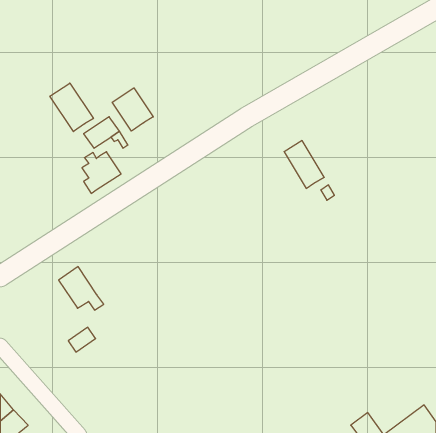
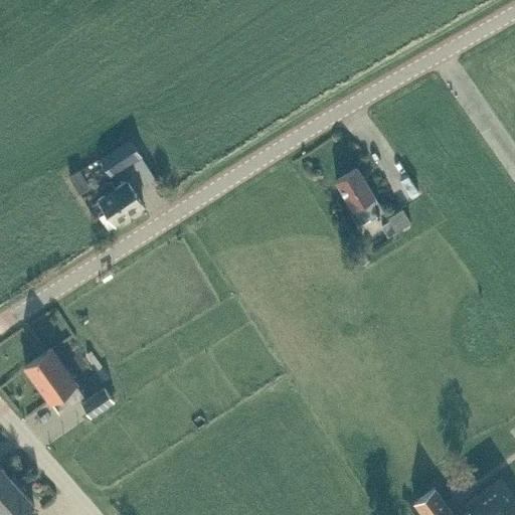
building: [50,83,93,132] -> none
building: [112,88,153,131] -> none
building: [59,267,104,310] -> [27,353,80,404]

